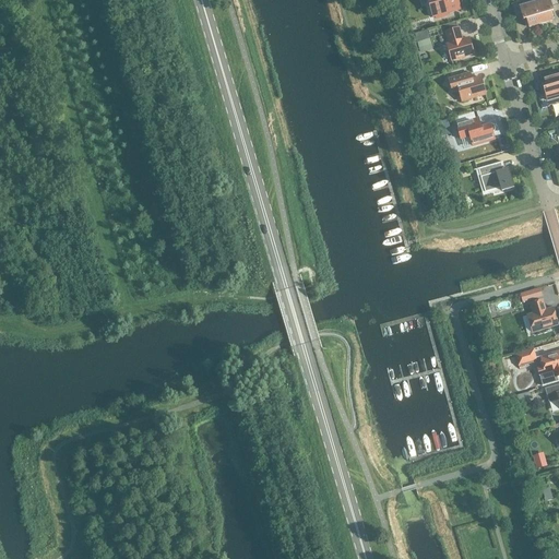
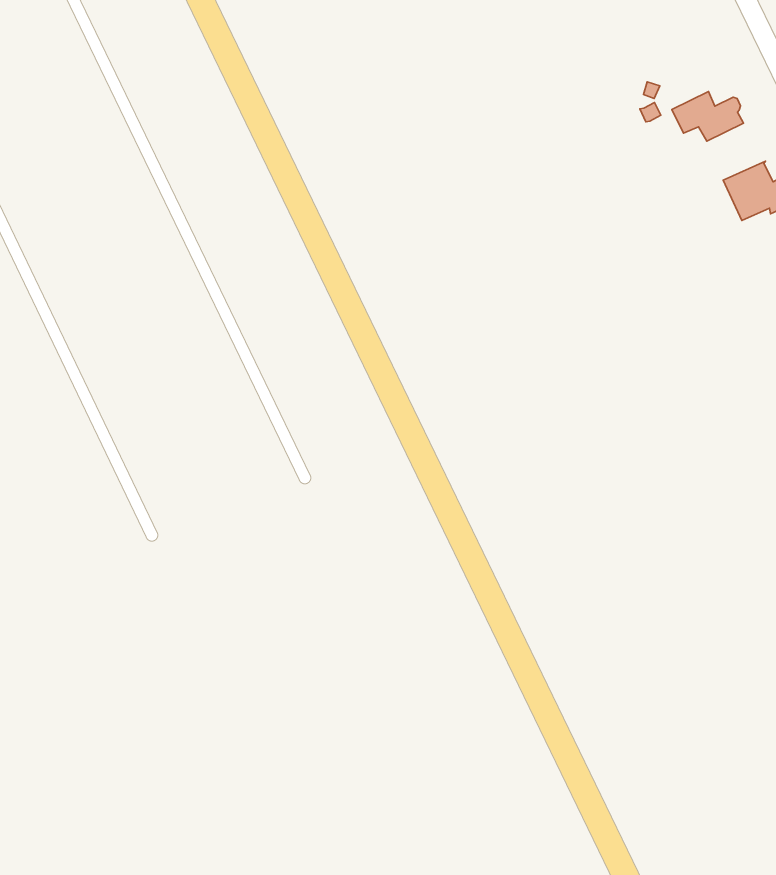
building: [449,70,485,98] -> none

